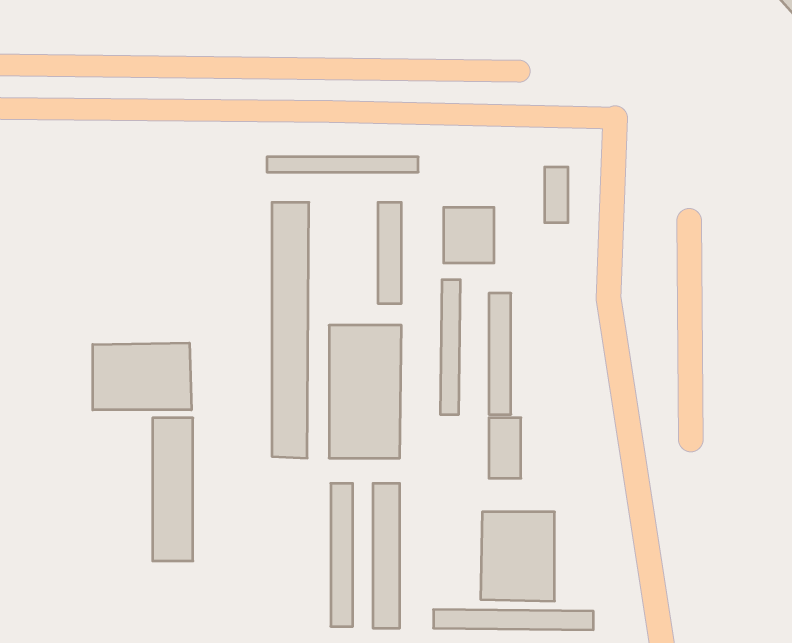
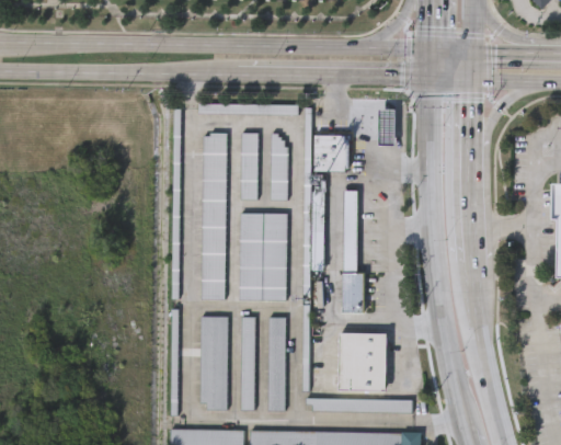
building: none -> [240,133,257,198]
building: [93,343,191,410] -> none
building: [153,418,193,561] -> [201,316,227,409]

